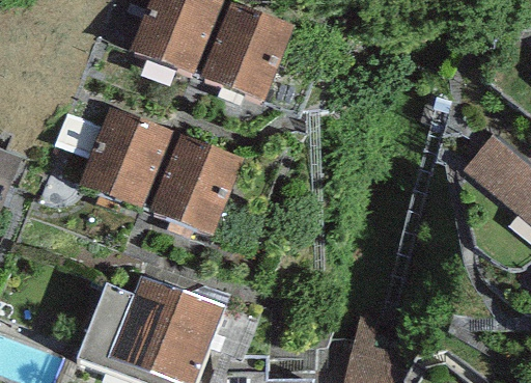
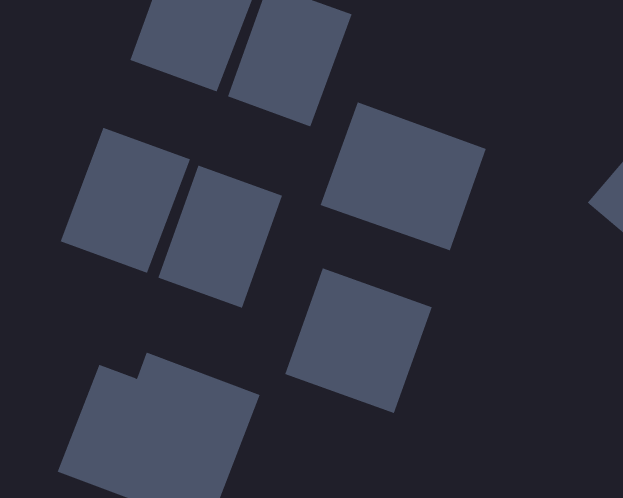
building: none -> [320,102,487,251]
building: none -> [284,267,432,414]

